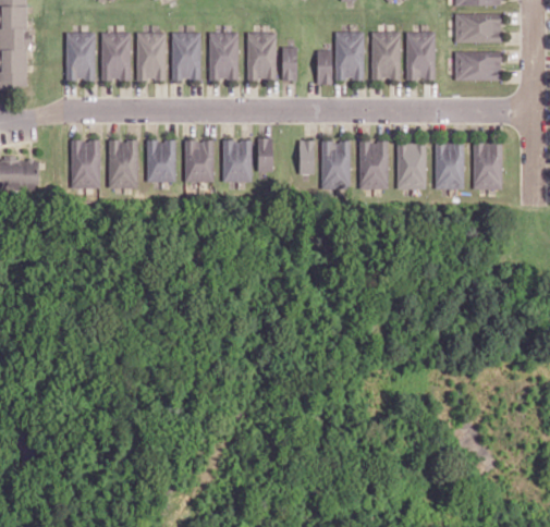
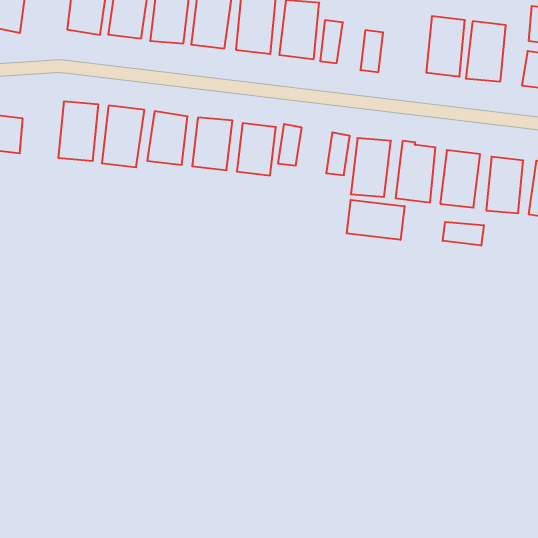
building: [334,32,365,79] -> none
building: none -> [347,200,404,240]
building: none -> [443,222,484,246]

